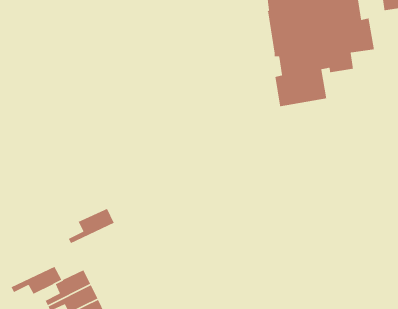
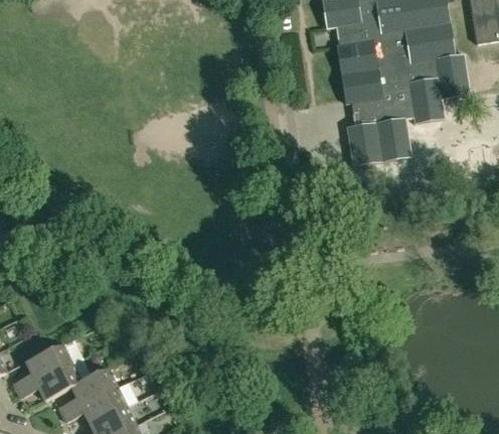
building: [68,208,115,244] -> [13,344,71,390]

